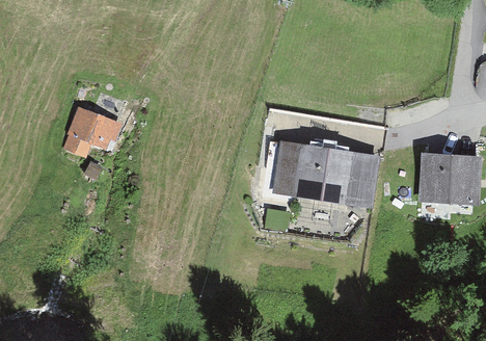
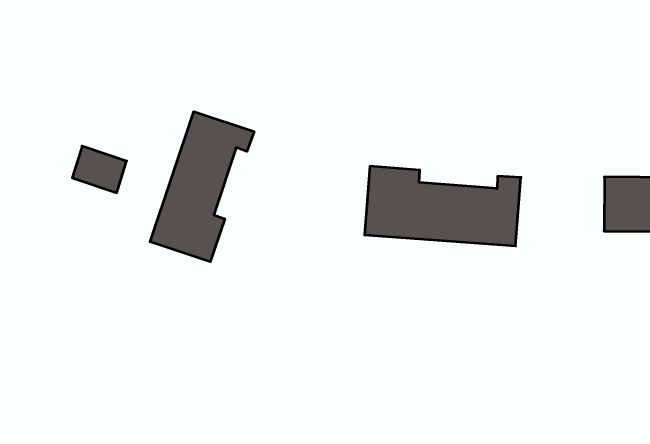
building: none -> [150,112,254,262]

